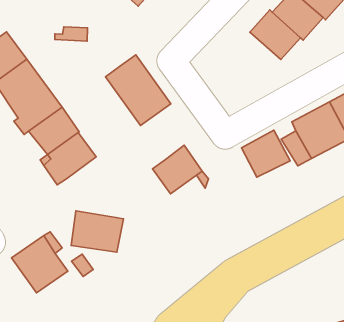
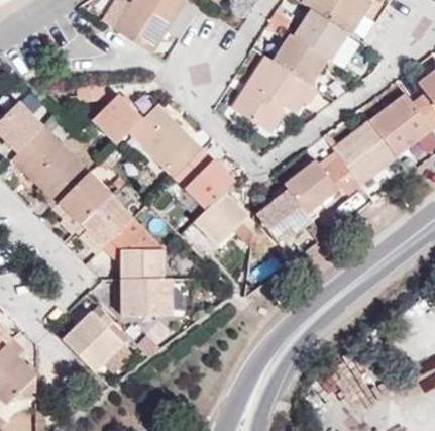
building: none -> [232,55,318,132]
building: none -> [93,95,142,143]
building: none -> [175,149,235,209]
building: none -> [256,184,313,244]
building: none -> [106,218,165,279]

